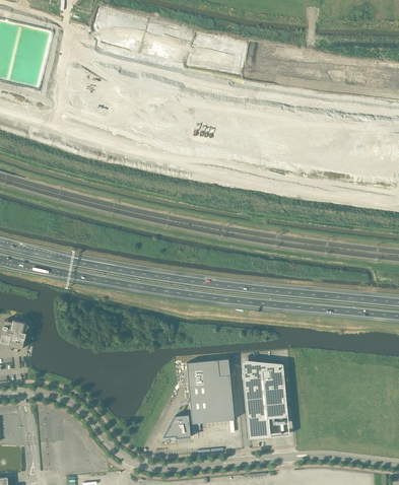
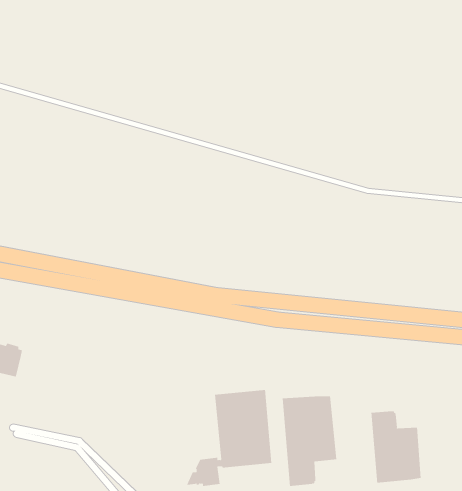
building: none -> [371,410,421,483]

